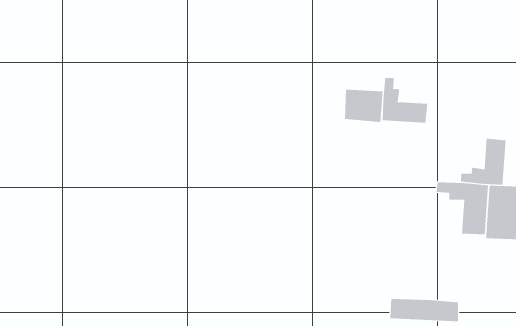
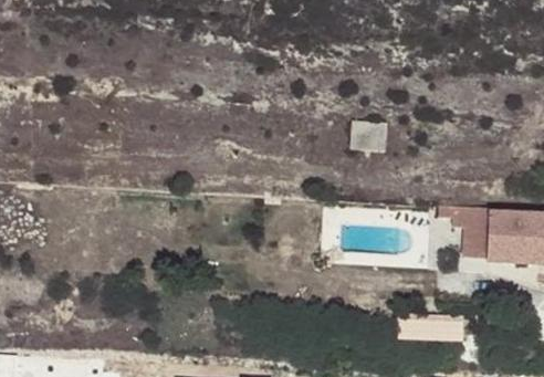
building: [382,77,428,124] -> none
building: [460,138,506,185] -> none

